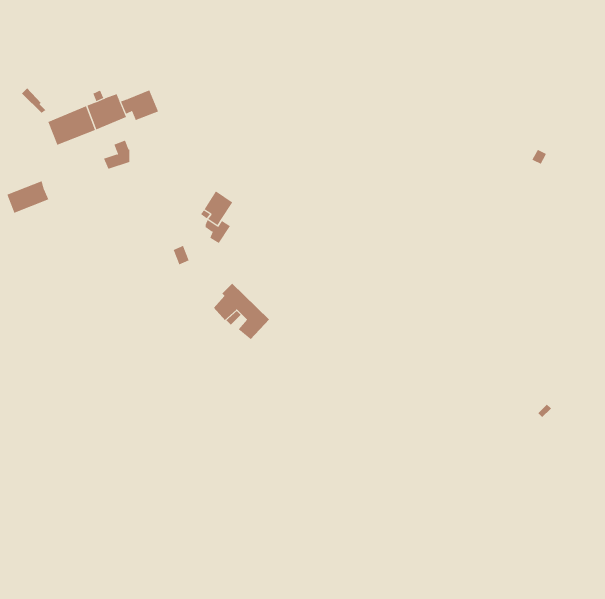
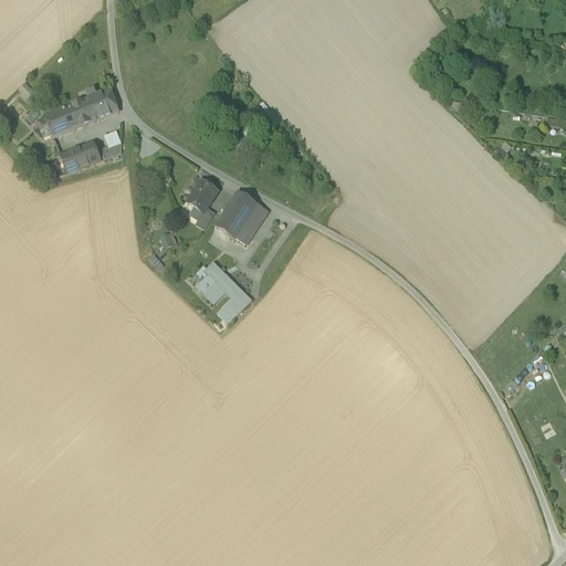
building: [120,90,159,121] -> none
building: [7,180,49,214] -> [61,140,101,171]
building: none -> [214,189,268,243]

